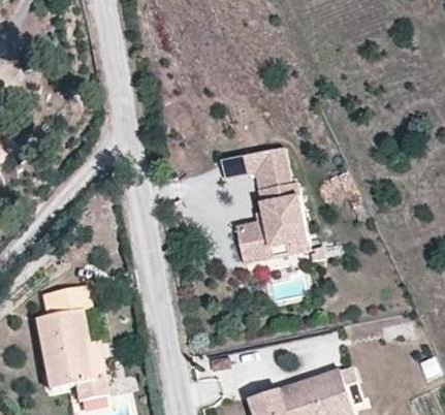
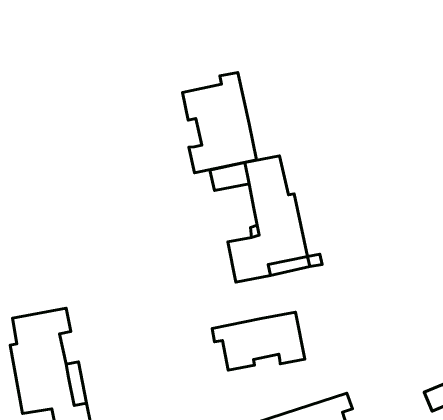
building: none -> [183,72,256,173]
building: none -> [212,312,305,370]

